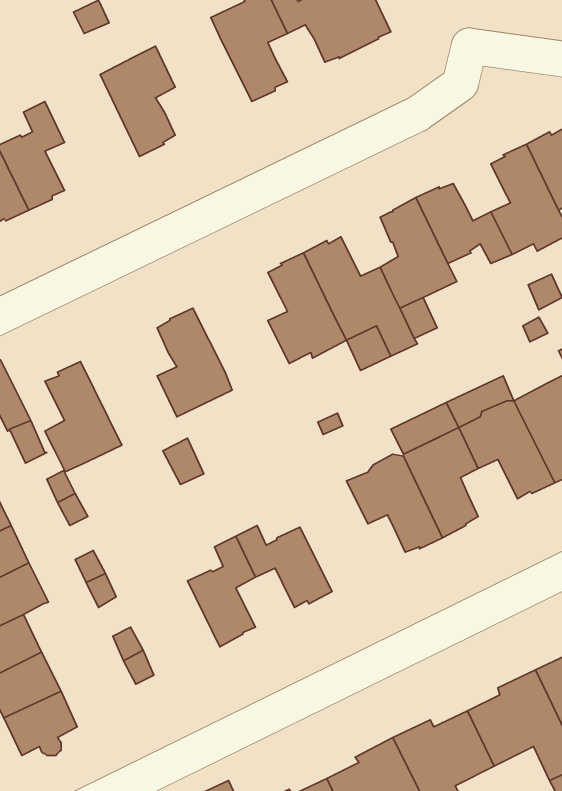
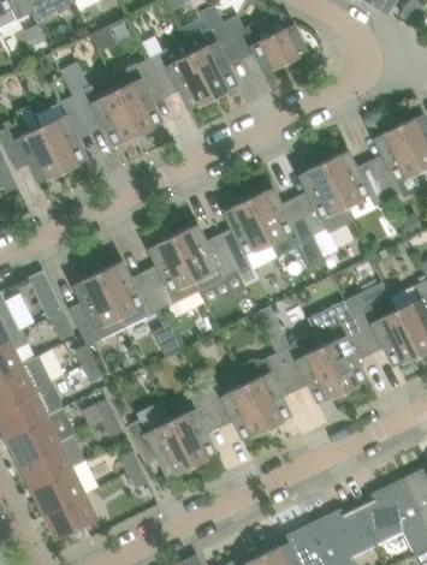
building: none -> [148,41,213,108]
building: none -> [61,65,137,144]
building: none -> [173,226,238,292]
building: none -> [97,262,162,329]
building: none -> [237,353,291,428]
building: none -> [126,408,191,476]

